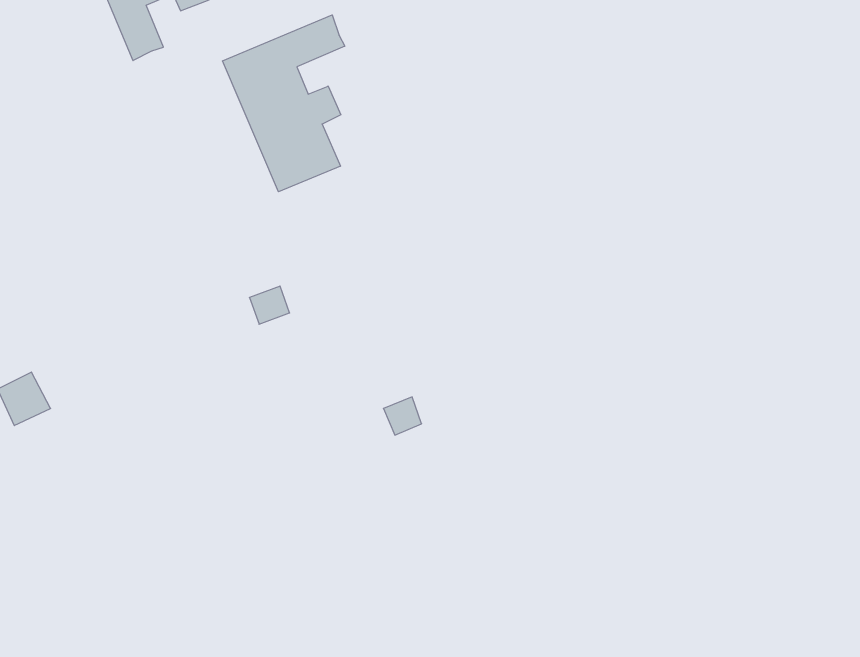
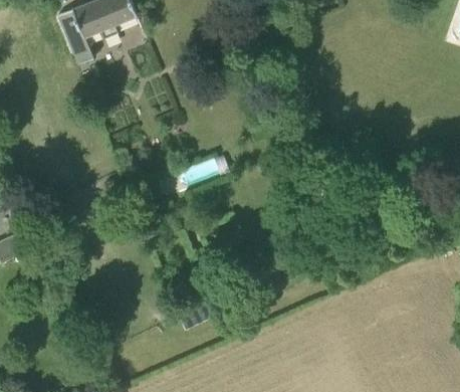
building: [222,15,345,192] -> none

